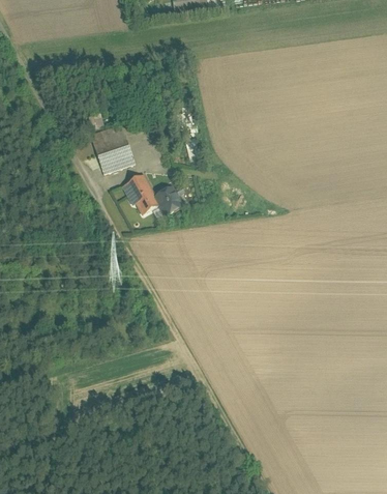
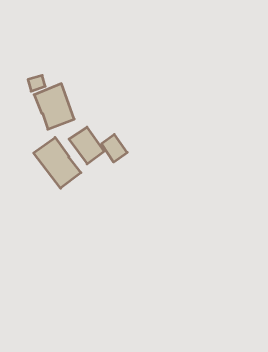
building: none -> [34,137,81,188]

